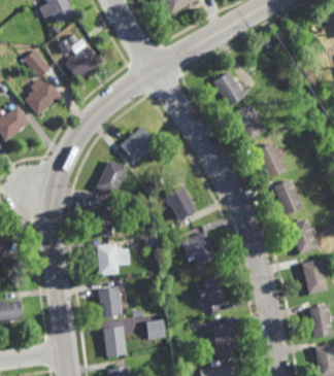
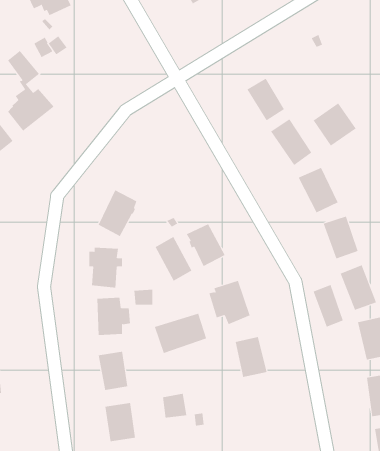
building: [68,47,101,79] -> none
building: none -> [313,103,356,146]
building: [123,127,157,161] -> none
building: none -> [155,236,192,282]
building: none -> [313,284,344,327]
building: none -> [154,313,207,354]
building: [214,326,239,356] -> none

